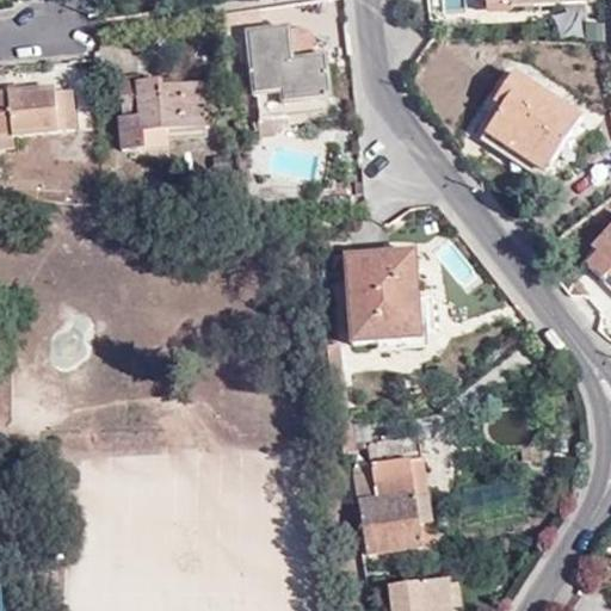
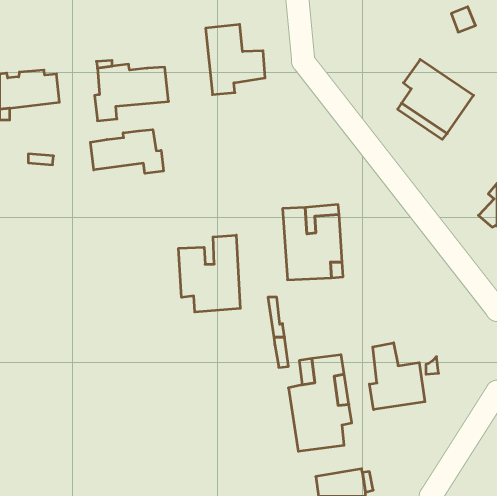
building: none -> [90,130,163,173]
building: none -> [179,235,240,312]
building: none -> [369,343,425,410]

